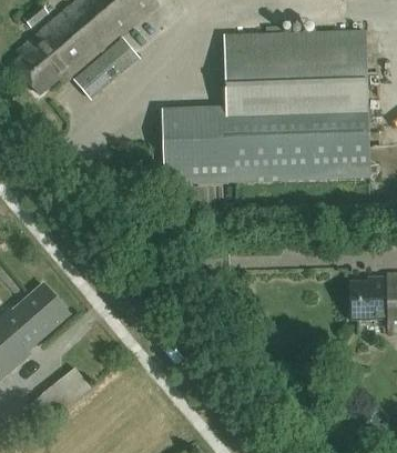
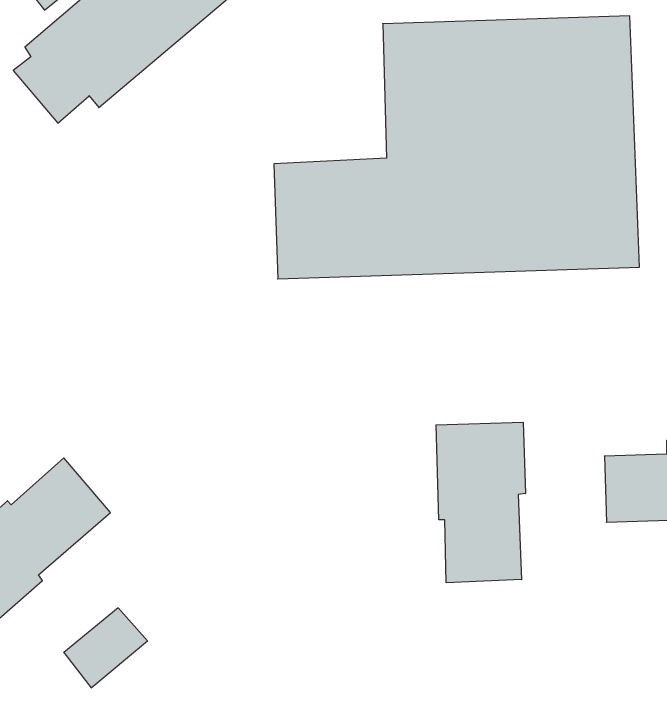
building: [73,37,139,100] -> none
building: none -> [436,422,525,583]

